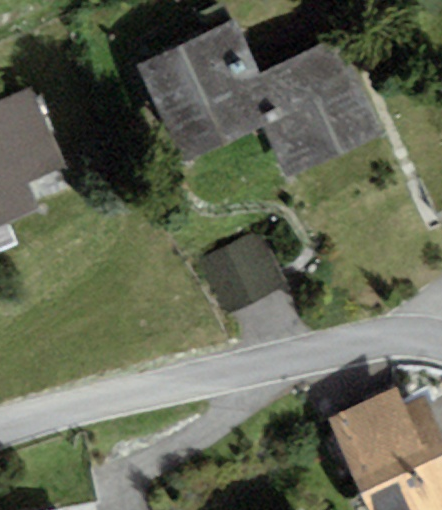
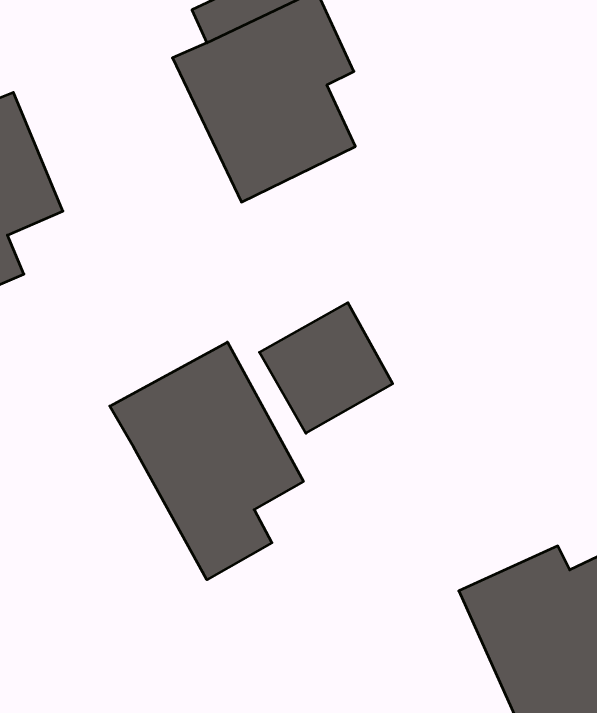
building: [241,40,378,177] -> none
building: none -> [110,342,303,580]

